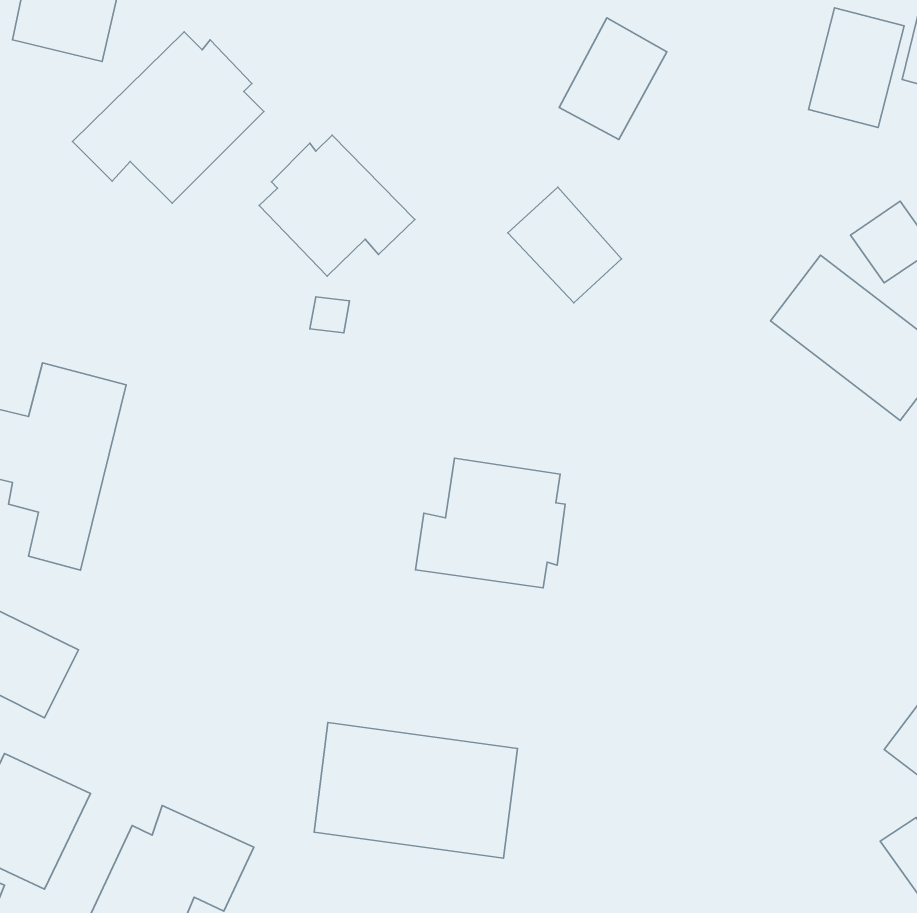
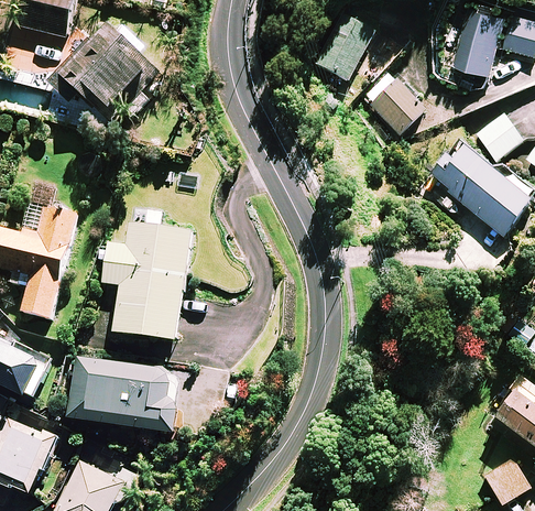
building: [259,135,415,276] -> none
building: [508,187,622,303] -> [362,69,425,133]
building: none -> [102,206,190,339]
building: [416,458,565,588] -> none
building: [314,723,517,858] -> [68,356,181,431]

